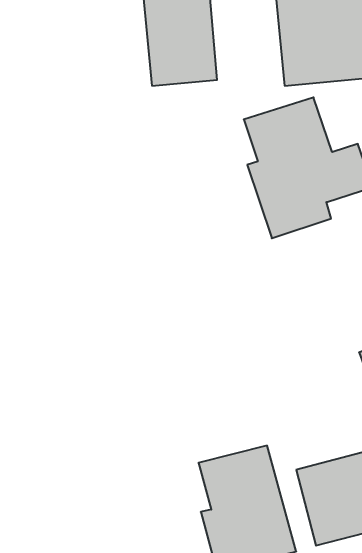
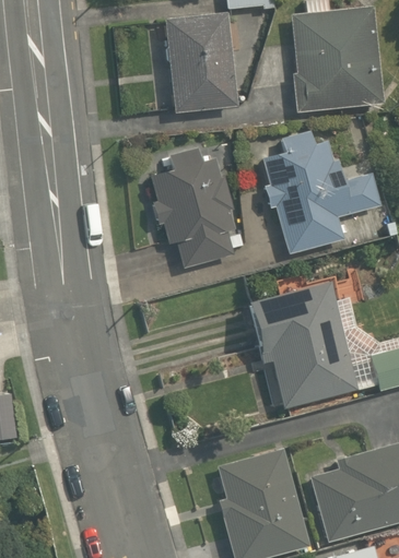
building: none -> [151,149,233,270]
building: none -> [249,285,356,407]

